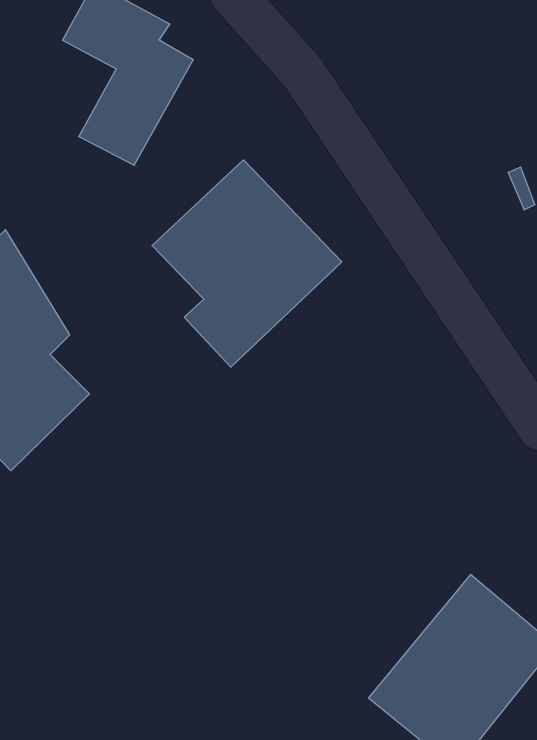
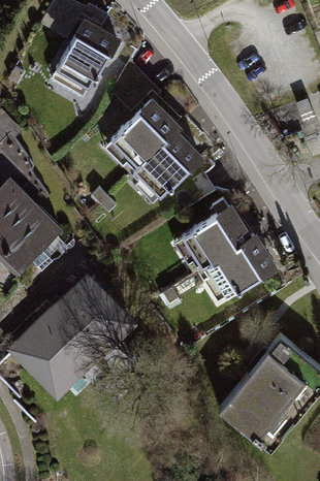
building: none -> [168,204,278,308]
building: none -> [12,278,136,399]

